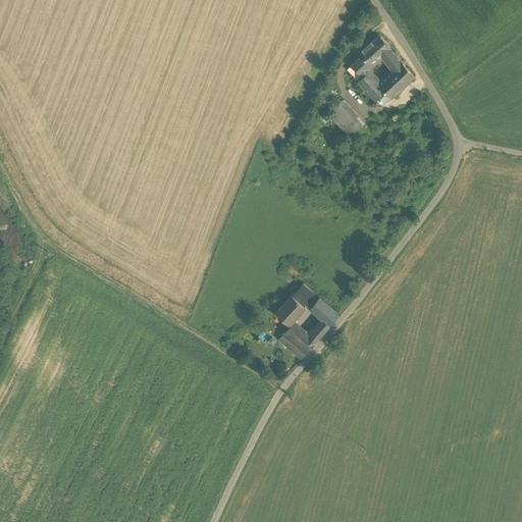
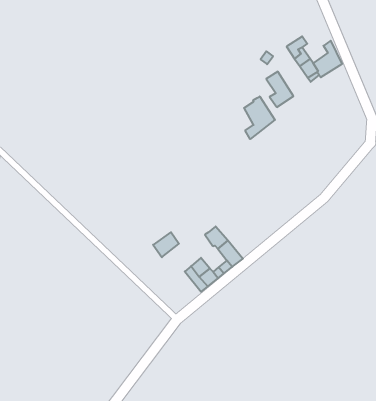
building: [360,37,395,65] -> none
building: none -> [244,96,275,139]
building: [275,296,304,325] -> [153,232,179,257]

